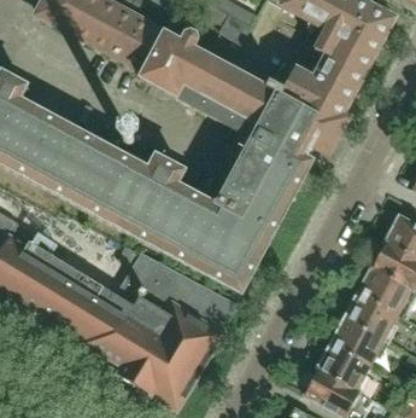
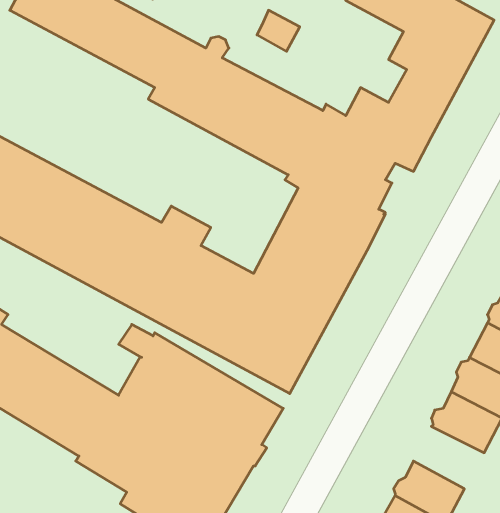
building: [333,315,385,361] -> none

